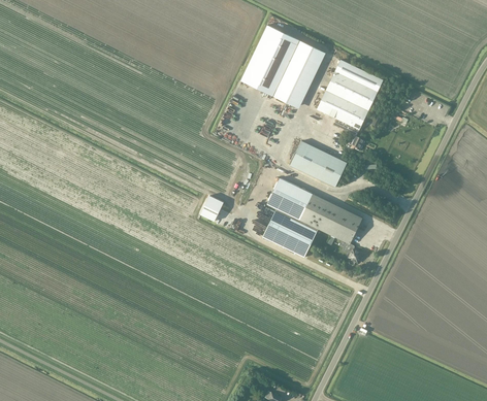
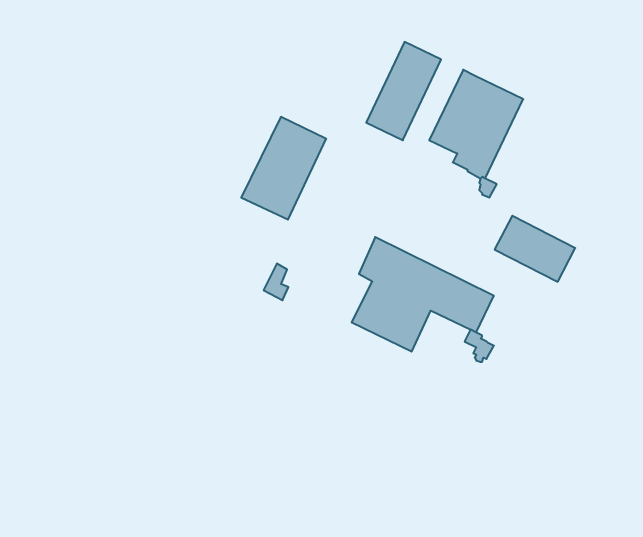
building: [239,25,299,97] -> [241,117,326,220]
building: [291,140,348,187] -> [495,216,575,282]

